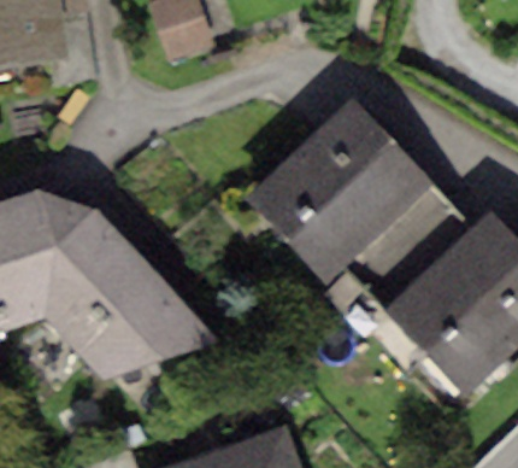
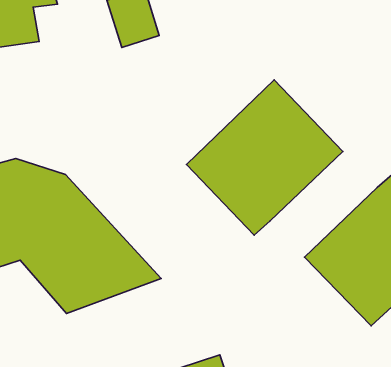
building: [345,185,472,311] -> none

